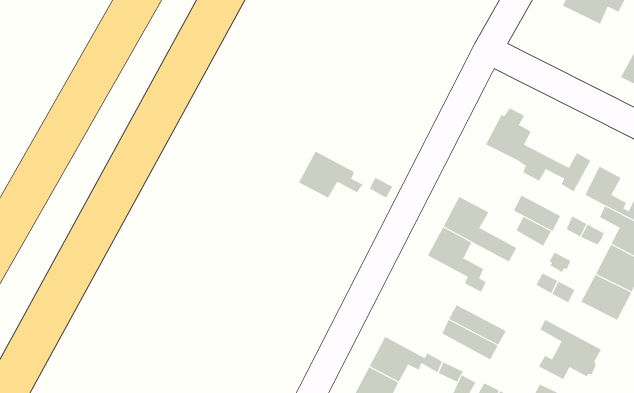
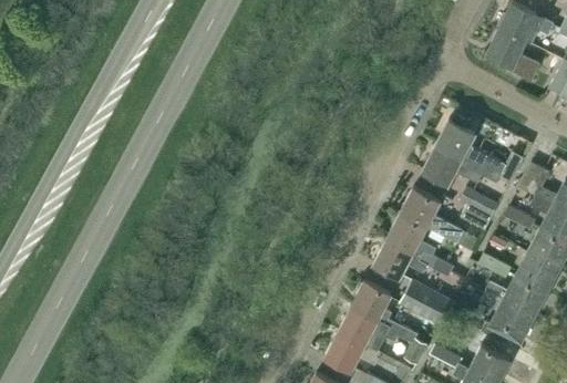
building: none -> [487,29,540,81]
building: none -> [423,145,502,185]
building: [298,151,393,198] -> [373,238,453,278]
building: none -> [486,277,547,317]
building: none -> [352,281,392,323]

